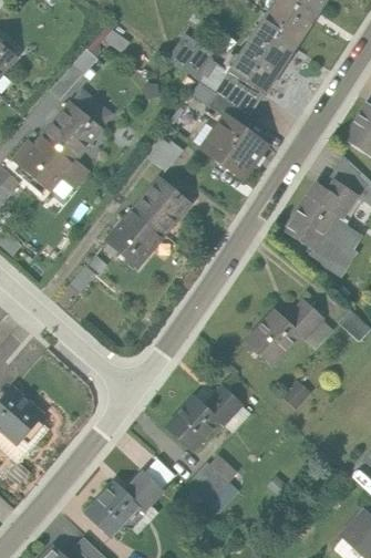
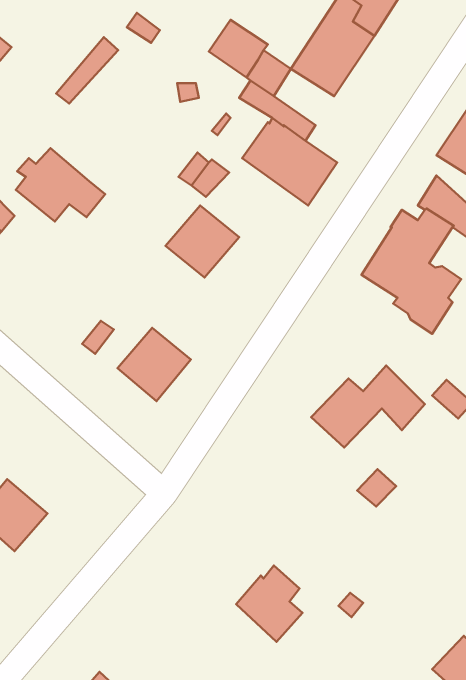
building: [216,72,262,115] -> none
building: [44,89,112,158] -> none
building: [106,208,163,265] -> [117,328,191,401]
building: [165,385,249,450] -> none
building: [85,457,174,536] -> none

